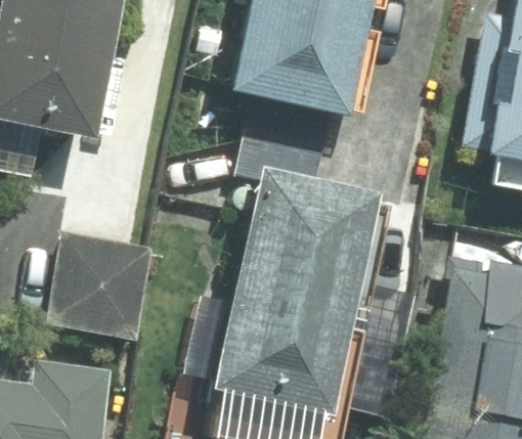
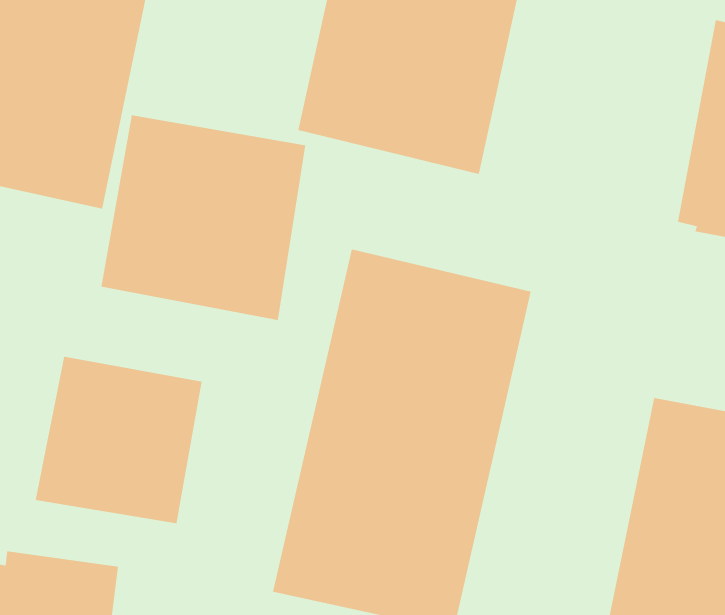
building: none -> [101,115,306,321]

